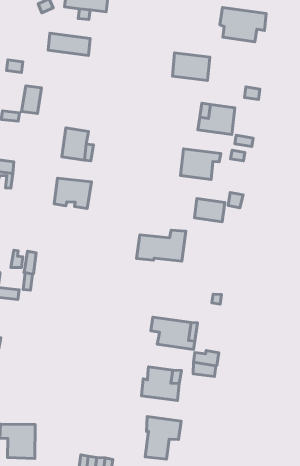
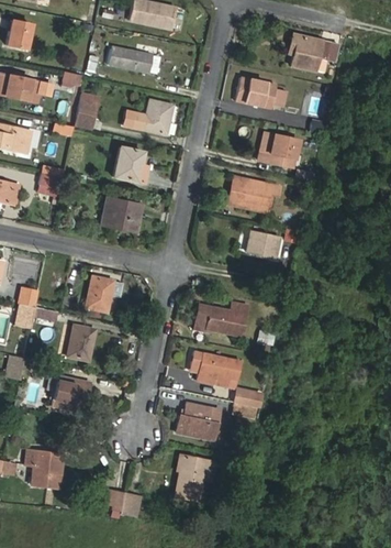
building: none -> [123,99,172,135]
building: [136,230,186,261] -> [193,303,247,336]
building: none -> [85,276,113,311]
building: none -> [67,325,94,360]
building: none -> [52,375,91,412]

